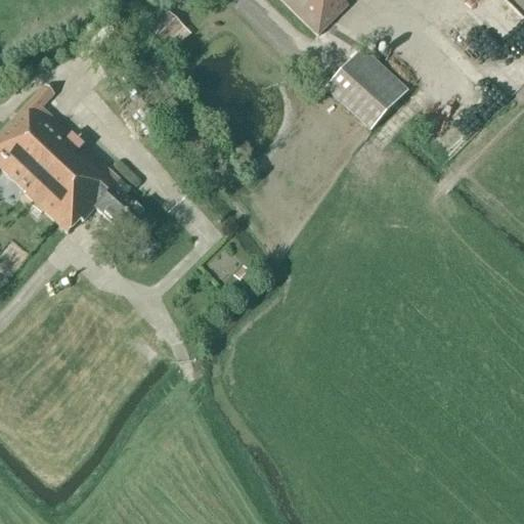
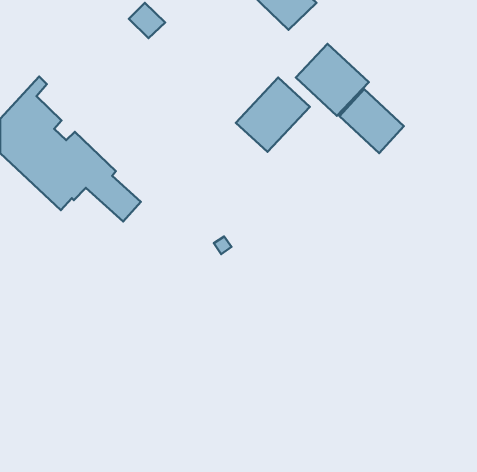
building: none -> [236,78,310,152]
building: none -> [340,89,404,153]

